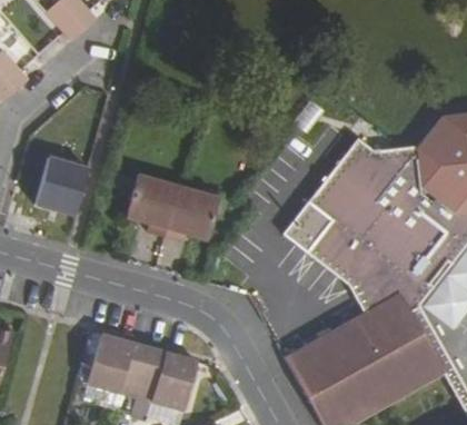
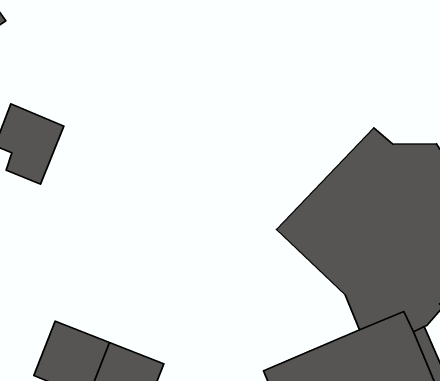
building: [126,174,219,241] -> none

